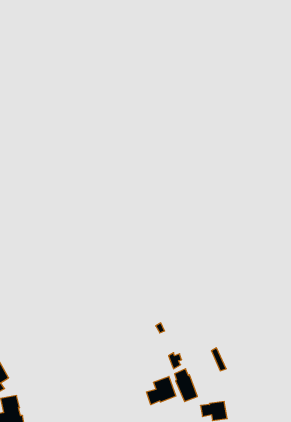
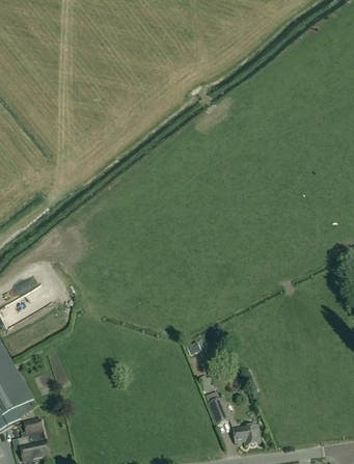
building: [146,376,176,405] -> none

